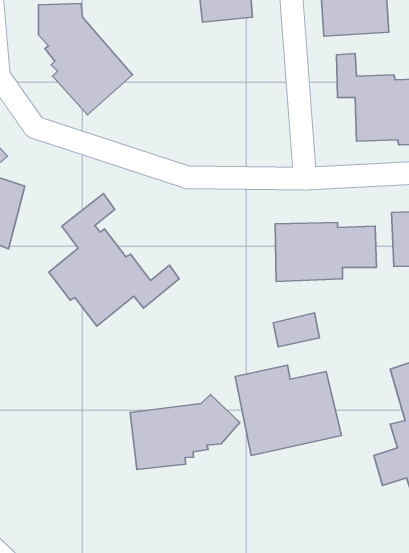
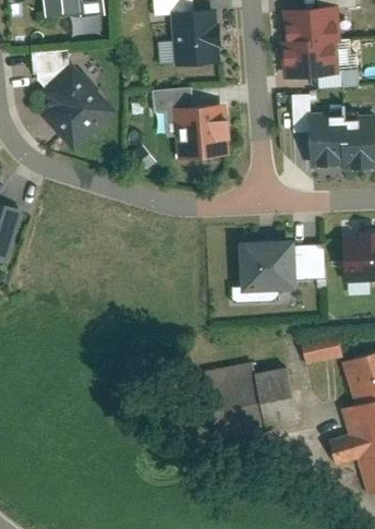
building: none -> [153,86,233,161]
building: [49,193,179,326] -> none
building: [273,313,319,347] -> [300,338,340,368]
building: [130,394,240,469] -> none

